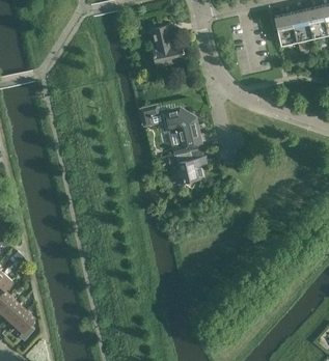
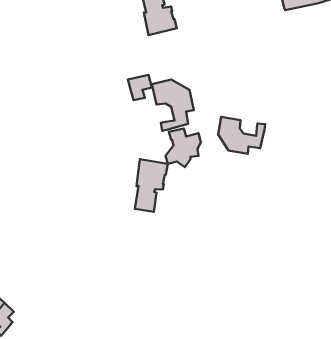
building: none -> [218,117,265,154]
building: none -> [135,159,168,212]

